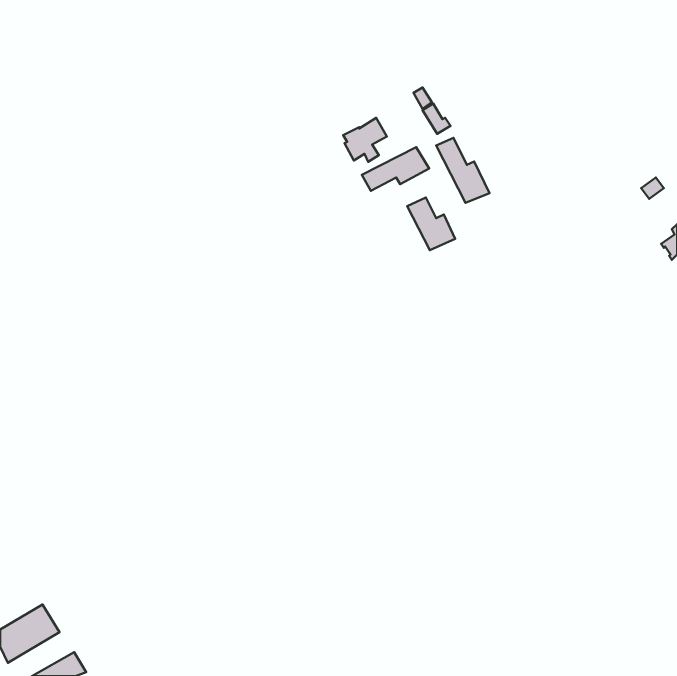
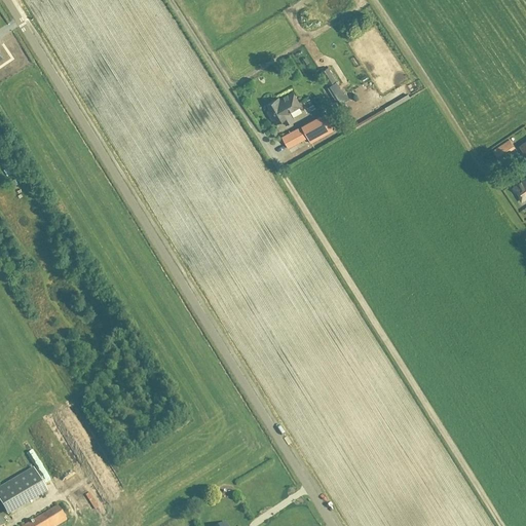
building: [436,138,489,203] -> none
building: [407,198,455,250] -> none

